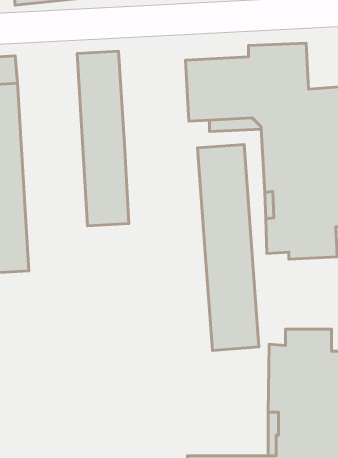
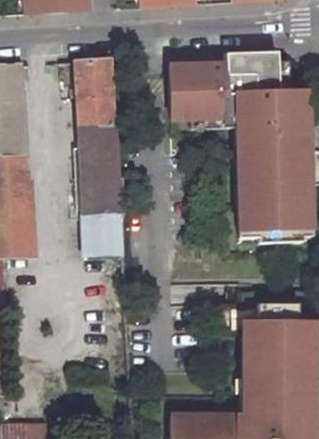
building: [198,144,259,350] -> none
building: none -> [83,209,123,253]

